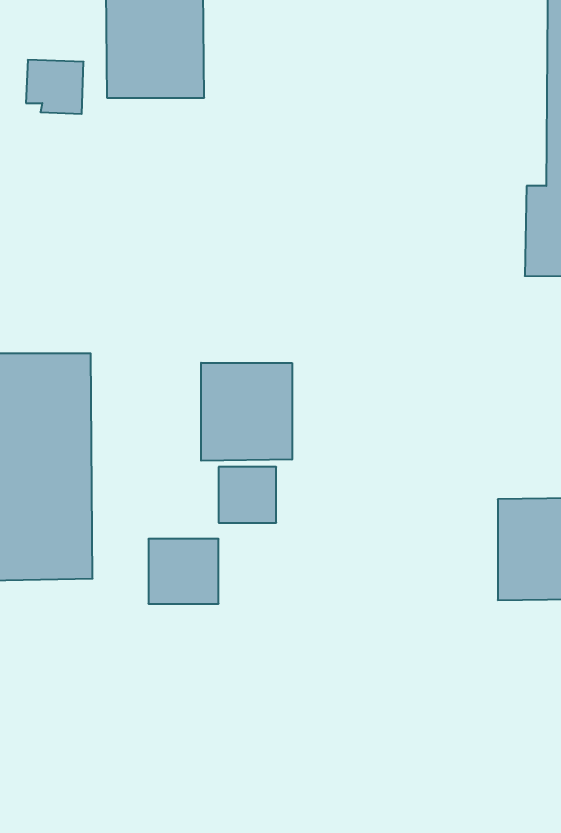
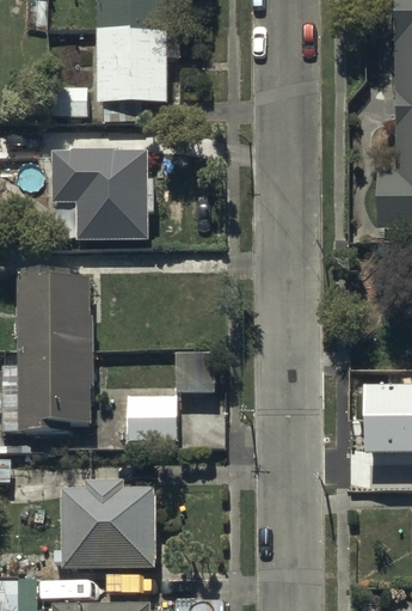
building: none -> [56,154,147,245]
building: [201,363,292,461] -> none
building: none -> [66,482,156,570]

